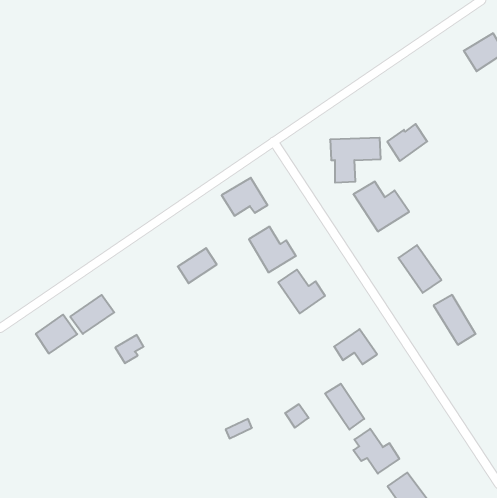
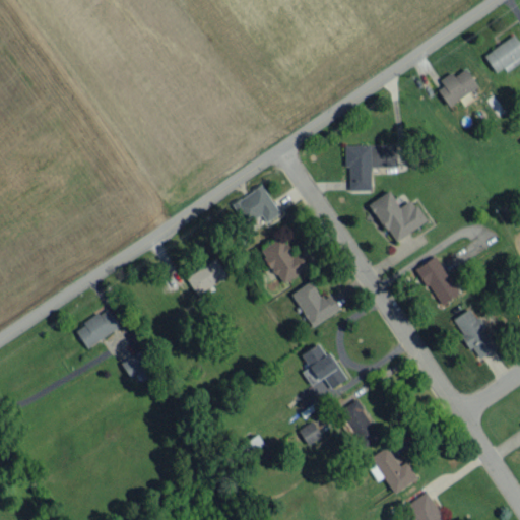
building: [387,124,427,161] -> [437,68,478,107]
building: [36,315,77,354] -> none
building: [334,329,377,364] -> [303,352,347,389]

